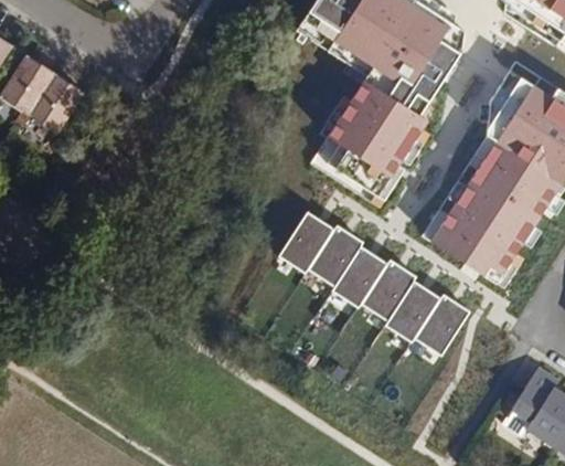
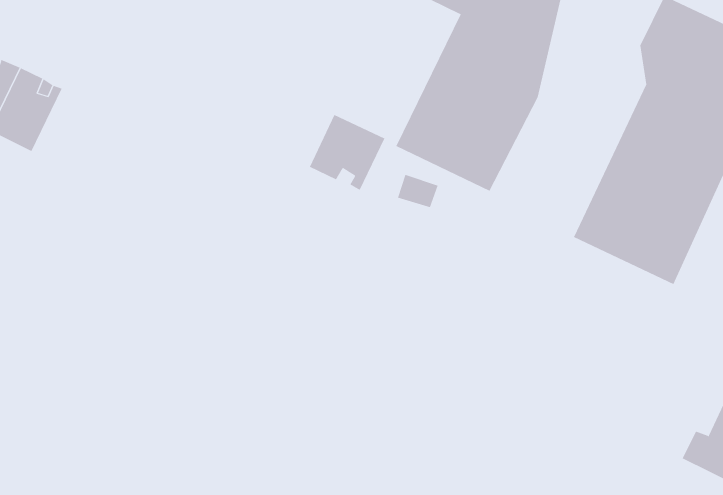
building: none -> [309,114,385,191]
building: [273,208,468,350] -> none

